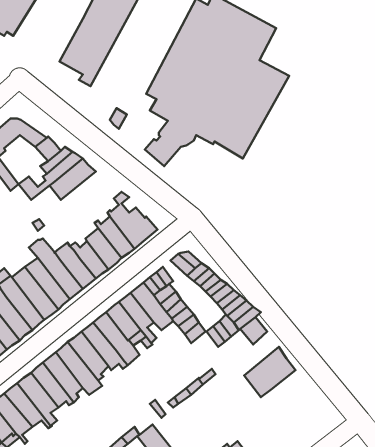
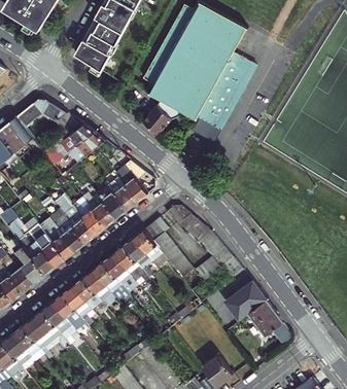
building: none -> [245,299,290,345]

